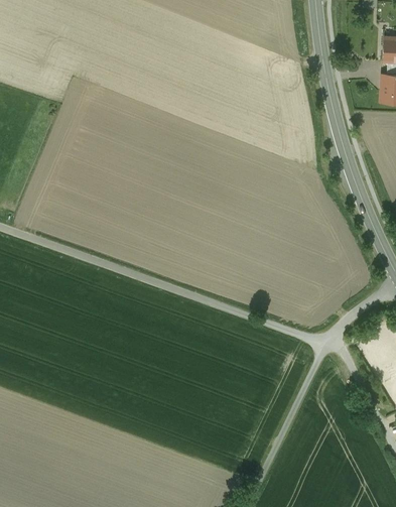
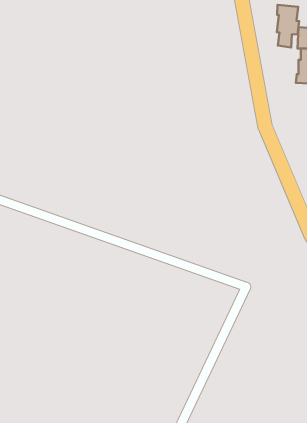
building: none -> [277,5,299,47]

